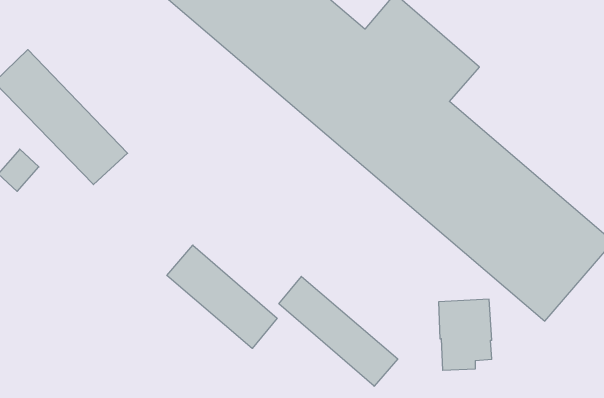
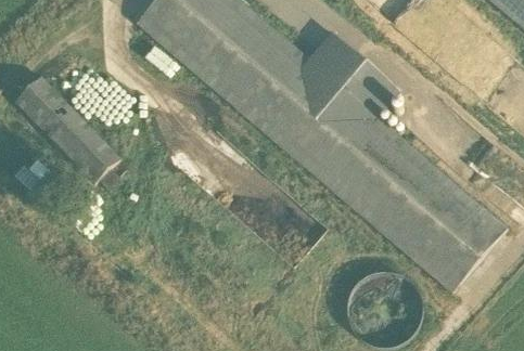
building: [167,245,277,348] -> none
building: [279,276,398,386] -> none

